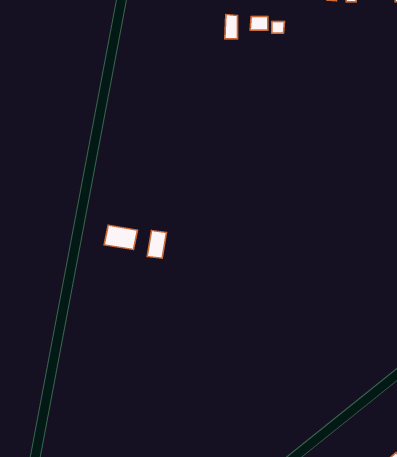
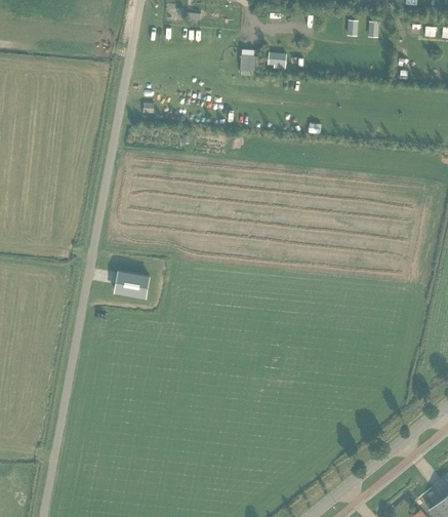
building: [147,231,166,258] -> none

